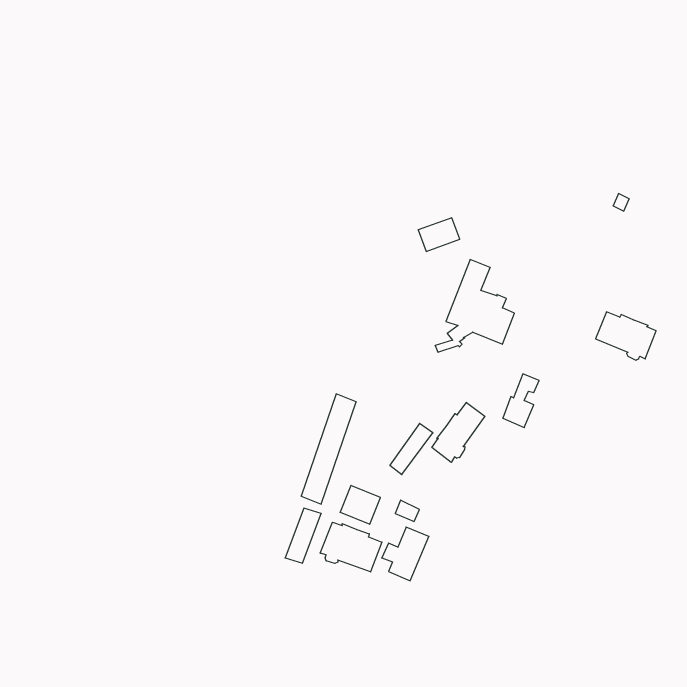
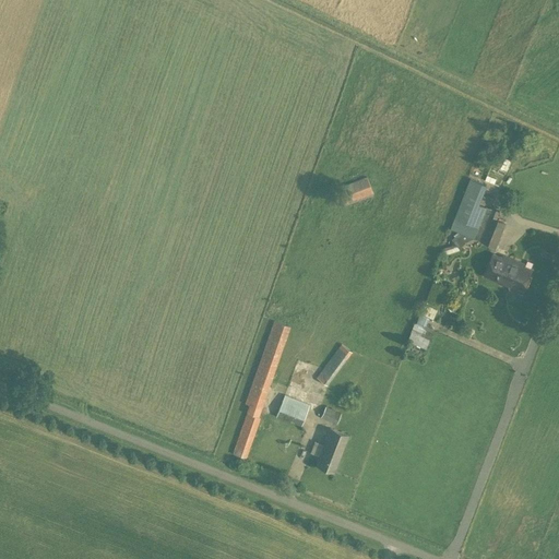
building: [435,260,514,352] -> [442,179,507,254]
building: [432,402,485,462] -> none
building: [320,522,382,572] -> none

